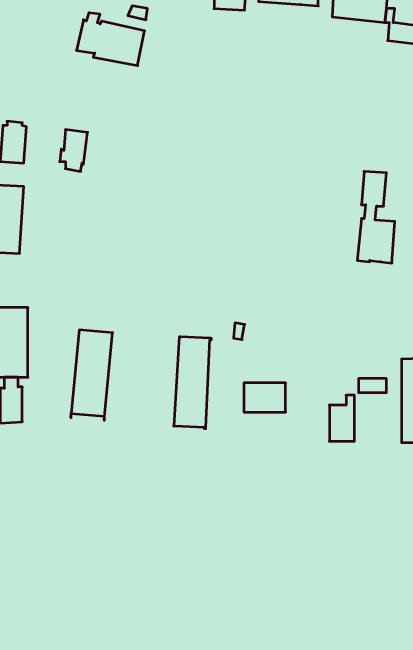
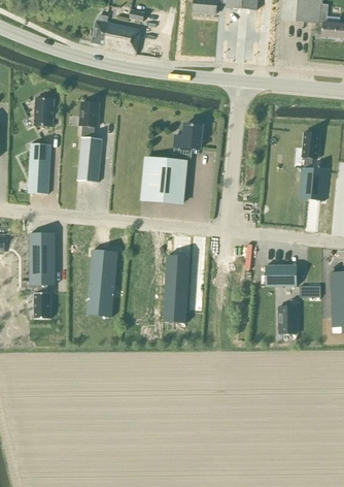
building: none -> [142,122,204,201]
building: none -> [77,135,102,181]
building: [244,383,286,412] -> [266,263,297,285]

